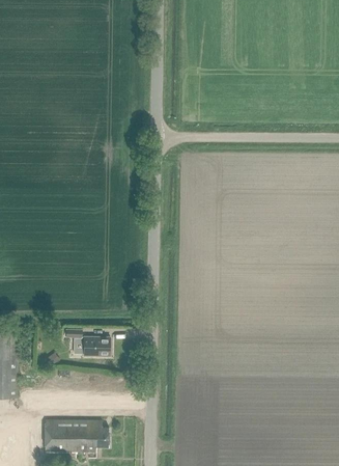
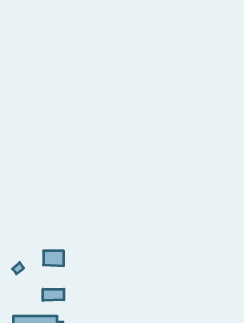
building: none -> [43,289,64,301]

